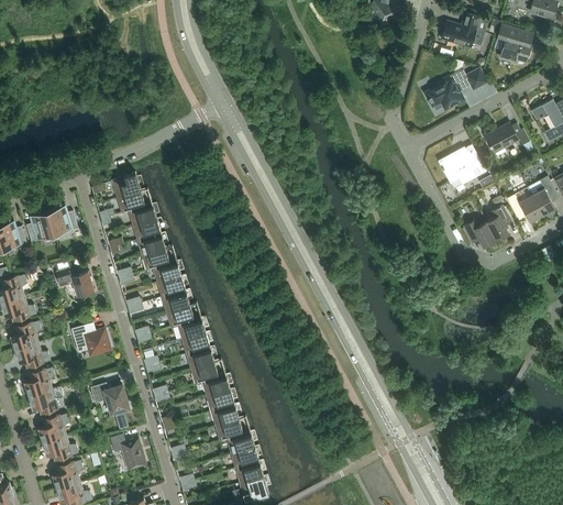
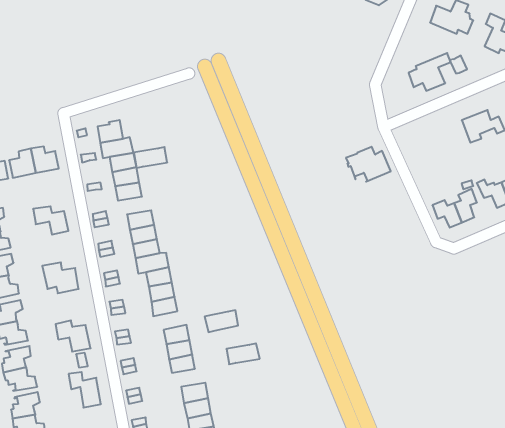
building: [439,147,486,184] -> [346,147,391,182]
building: [142,245,177,270] -> [134,147,167,168]
building: [190,359,225,384] -> [205,310,238,332]
building: [216,416,251,440] -> [226,343,260,364]

